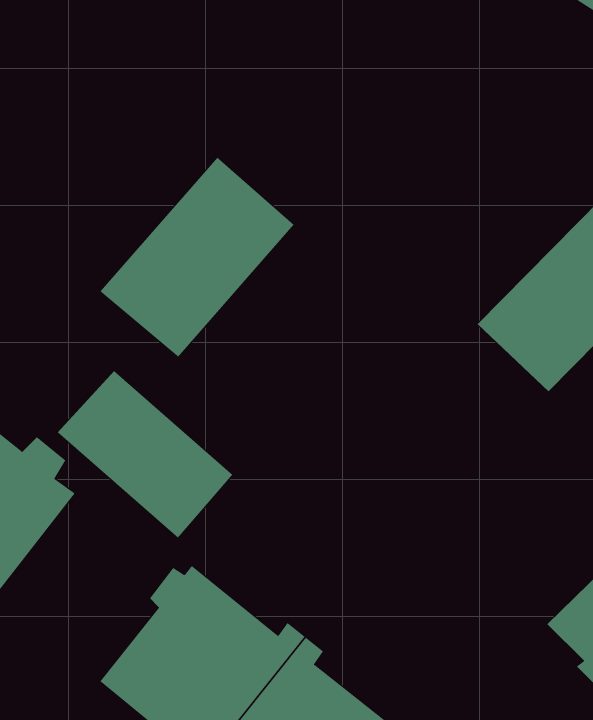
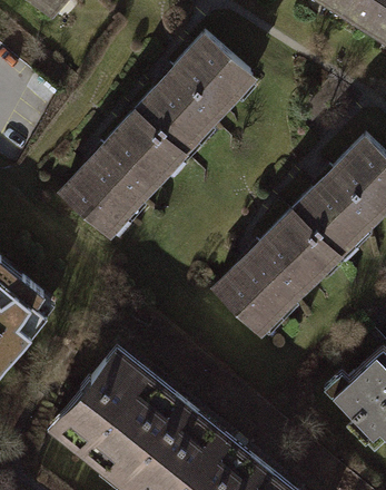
building: none -> [132,35,248,154]
building: none -> [217,214,333,330]
building: [57,370,233,538] -> none

